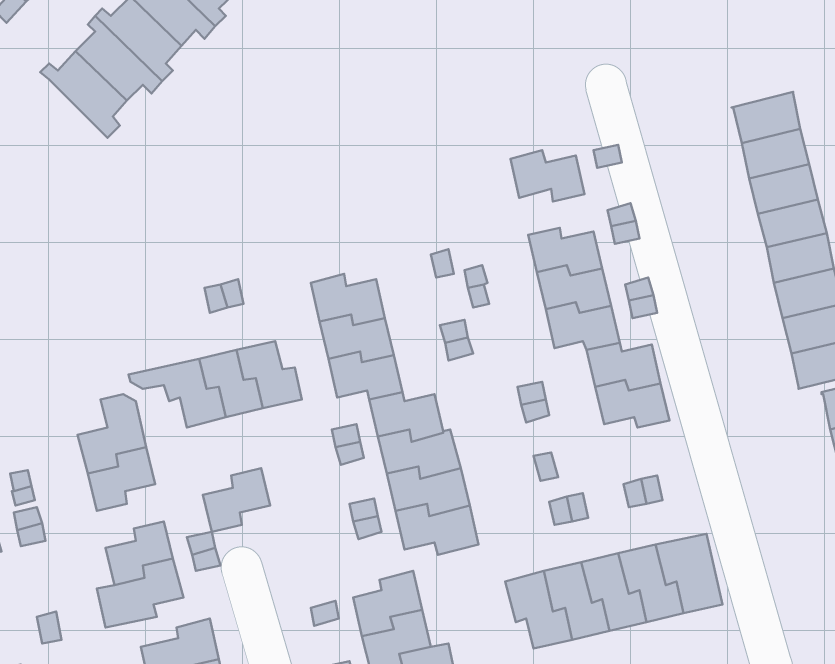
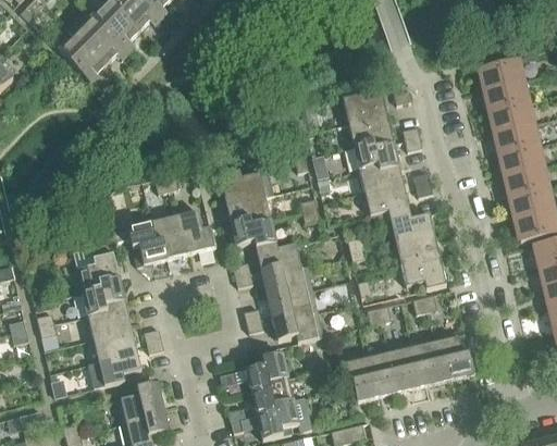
building: none -> [348,119,394,149]
building: none -> [400,259,446,290]
building: [203,468,270,532] -> [88,300,129,339]

